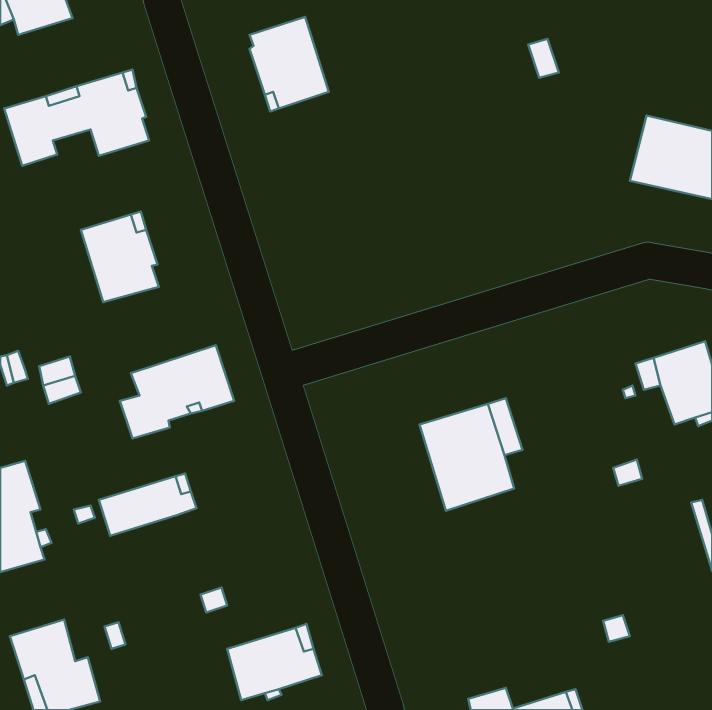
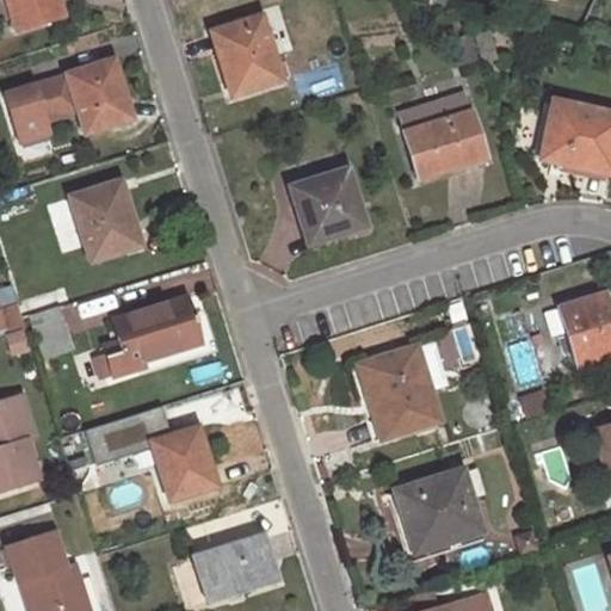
building: none -> [400,92,486,177]
building: none -> [290,167,366,242]
building: none -> [152,426,211,498]
building: none -> [394,469,481,553]

